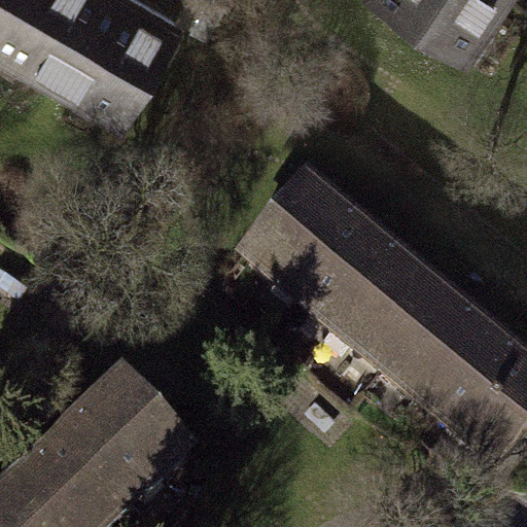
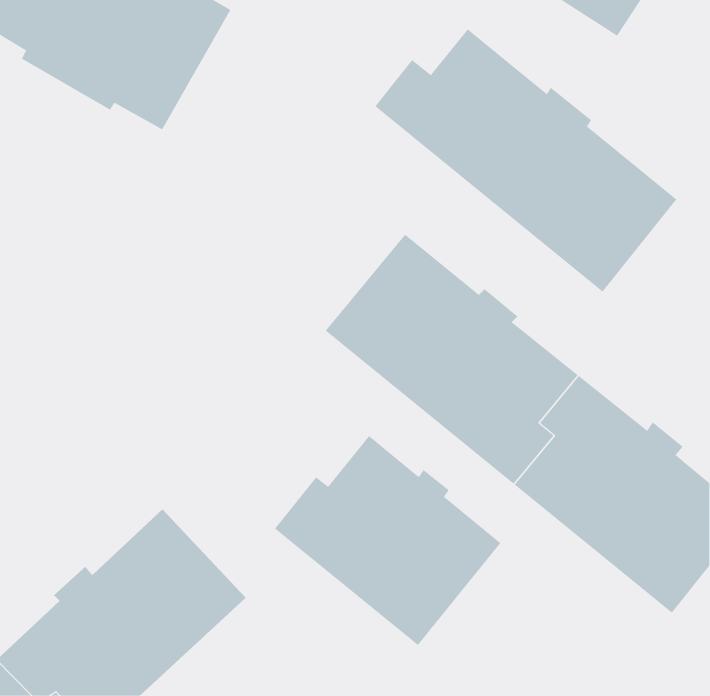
building: none -> [374,28,677,292]
building: none -> [274,435,501,646]

